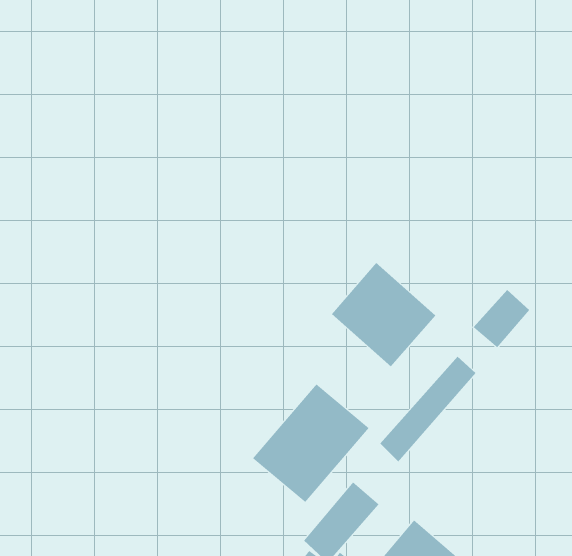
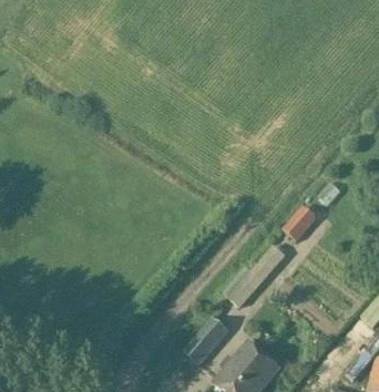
building: [331,262,436,367] -> none
building: [252,384,370,503] -> none

